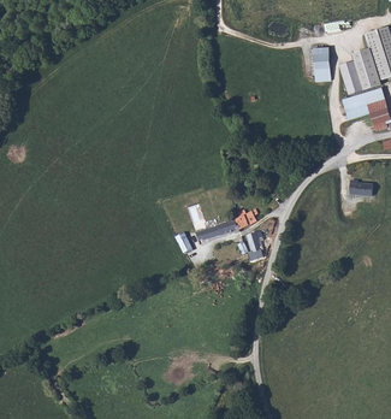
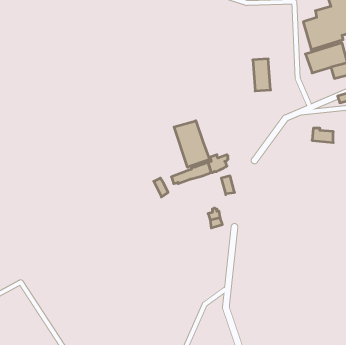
building: [312,47,331,82] -> [253,59,271,91]
building: none -> [174,121,210,167]

